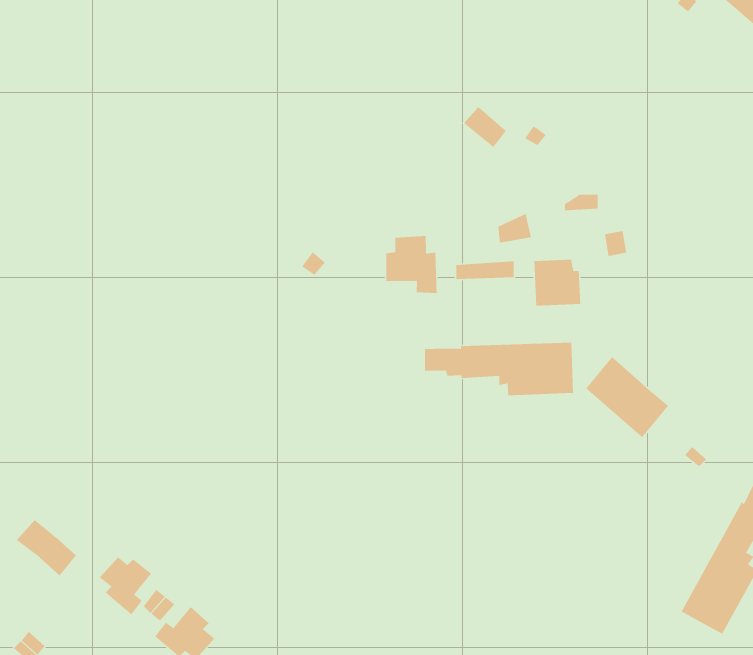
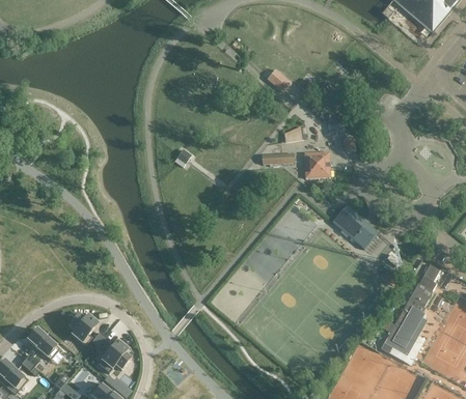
building: [386,235,437,294] -> none
building: [424,342,574,396] -> none
building: [16,519,77,577] -> [26,327,59,359]

